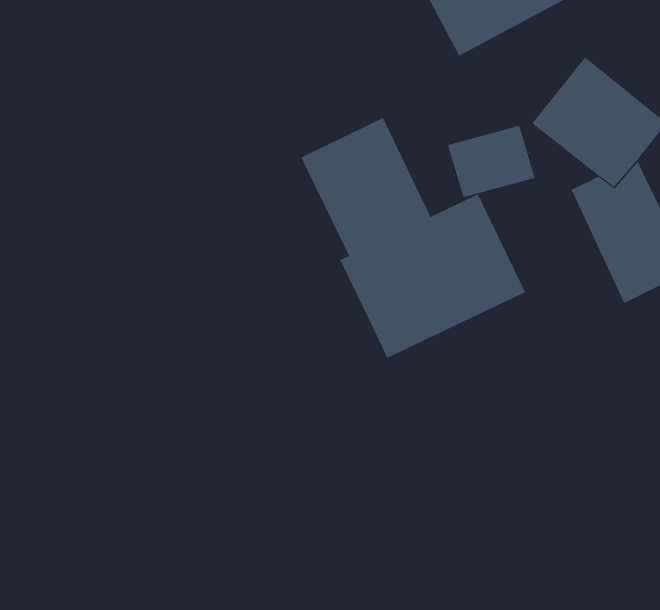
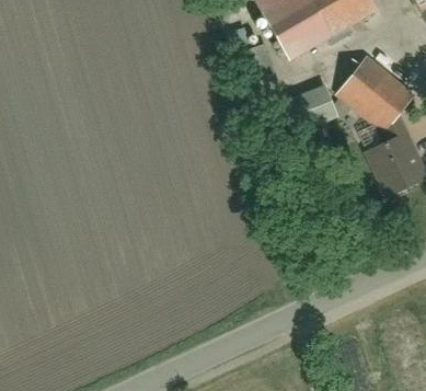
building: [301,117,526,358] -> none

